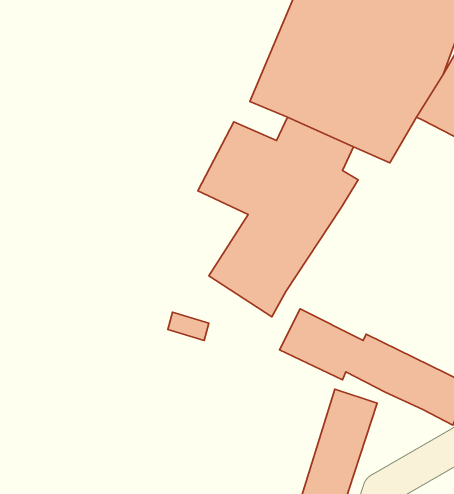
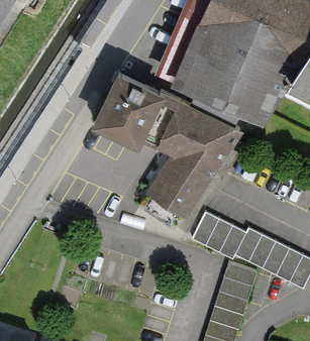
building: none -> [96,74,162,145]

